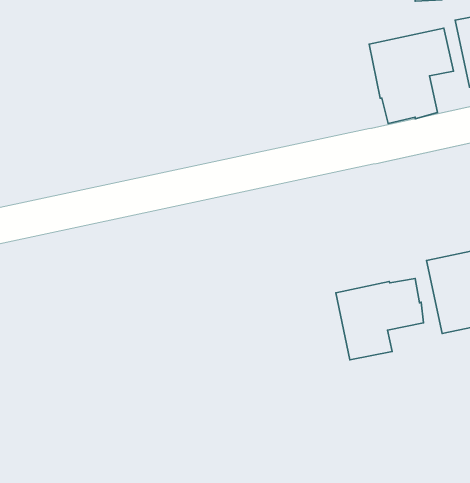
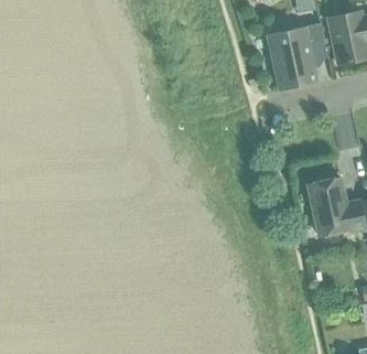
building: [336,278,424,360] -> none

